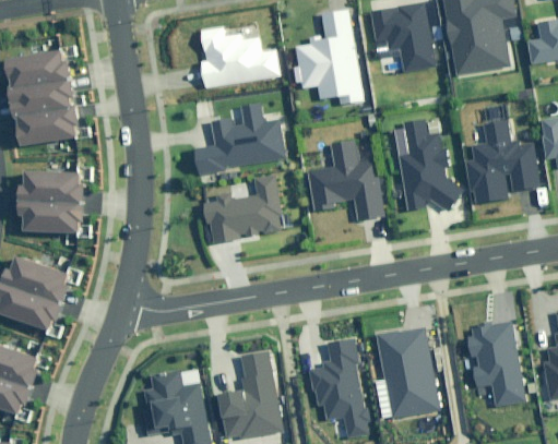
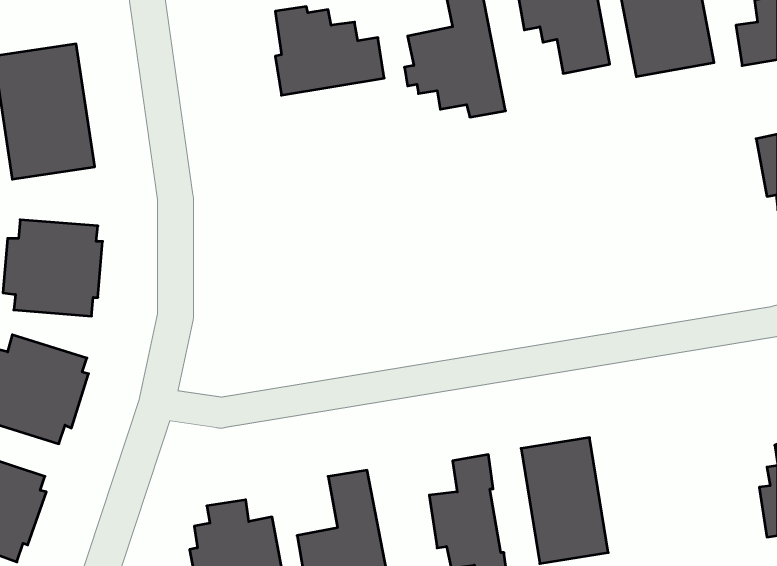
building: [194,103,287,175] -> none
building: [395,117,461,208] -> none
building: [465,121,543,203] -> none
building: [307,139,387,224] -> none
building: [206,175,285,244] -> none
building: [466,321,526,406] -> none

